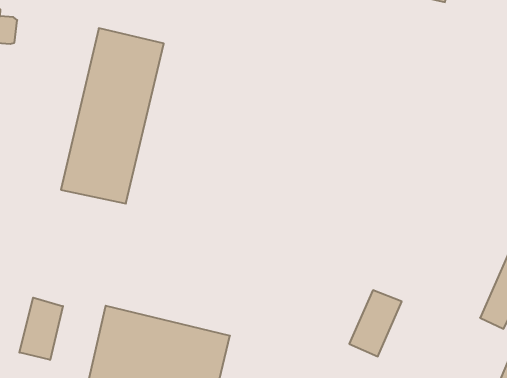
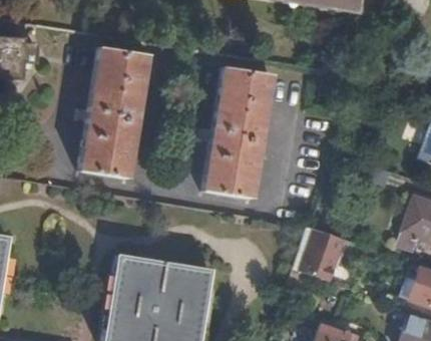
building: none -> [203,67,273,197]
building: [19,298,63,360] -> none

